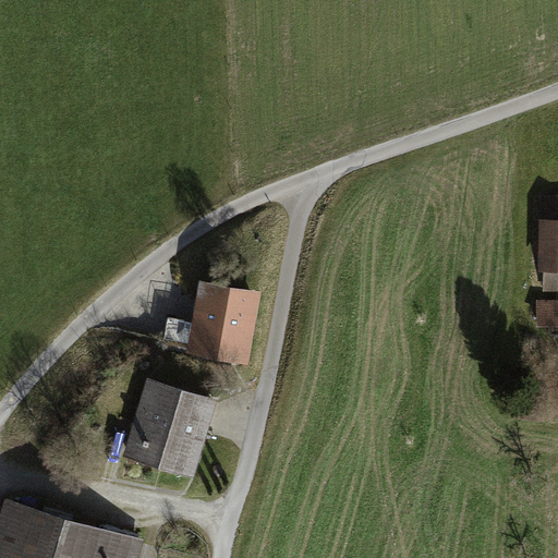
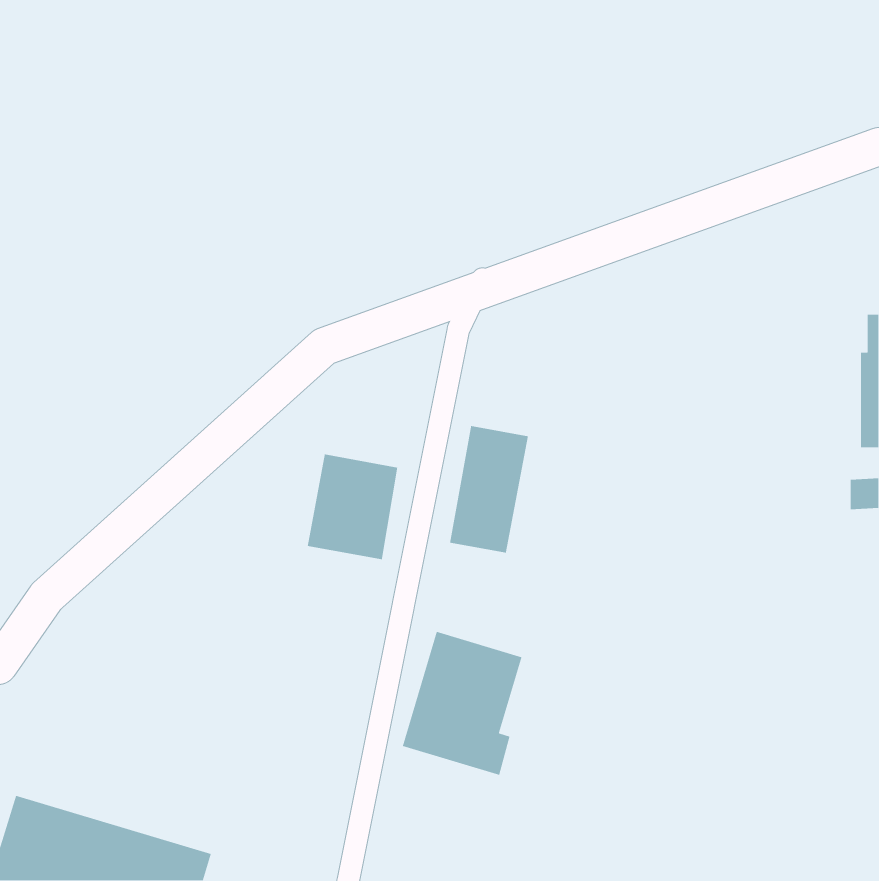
building: none -> [449,425,529,553]
building: [128,380,204,472] -> [402,631,522,776]

